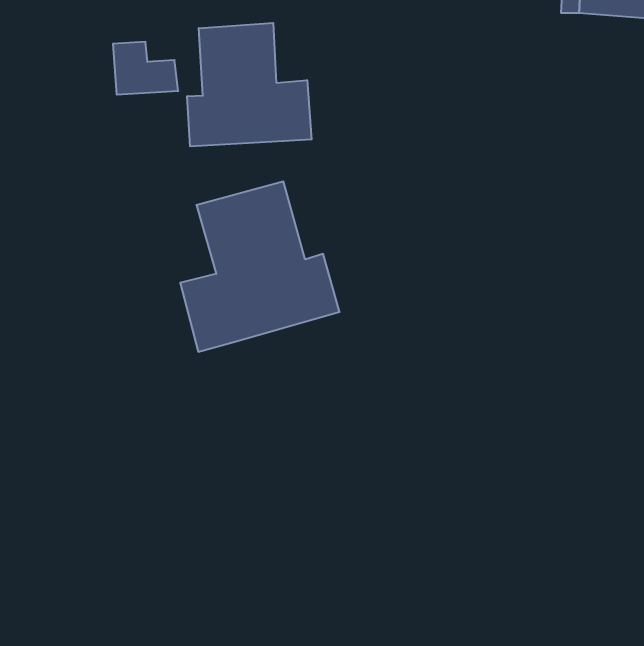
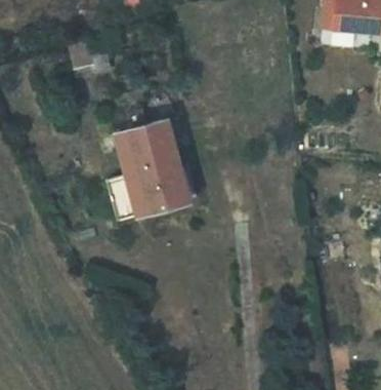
building: [187,23,312,146] -> none

